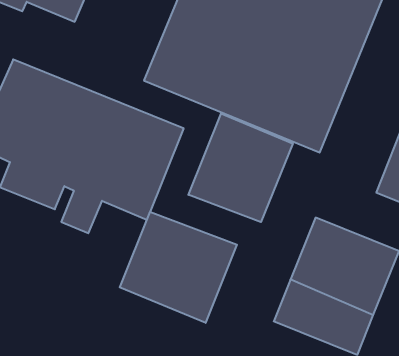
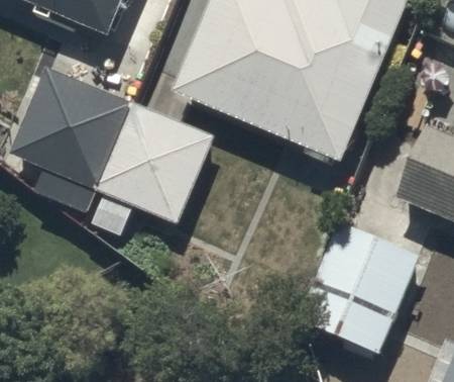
building: [188,113,293,222] -> none
building: [120,212,237,323] -> none

